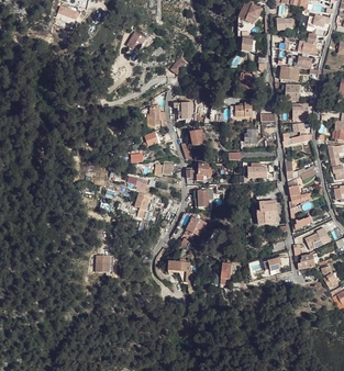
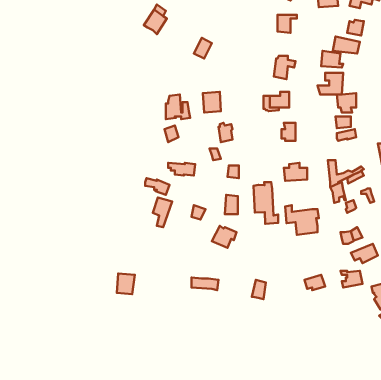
building: none -> [254,182,278,224]

